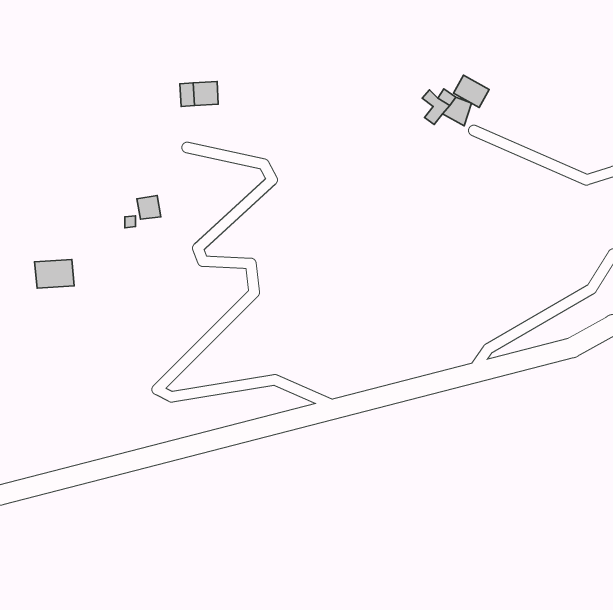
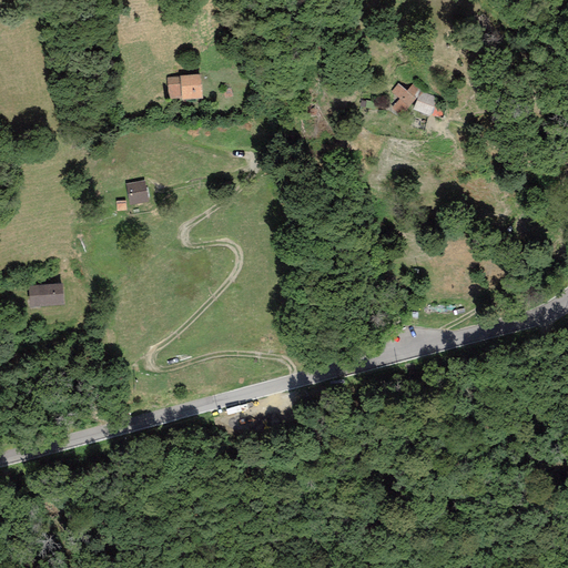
building: [454,75,489,107] -> none
building: [35,260,74,288] -> [28,282,64,308]

